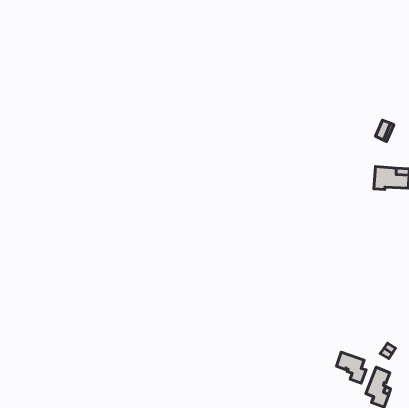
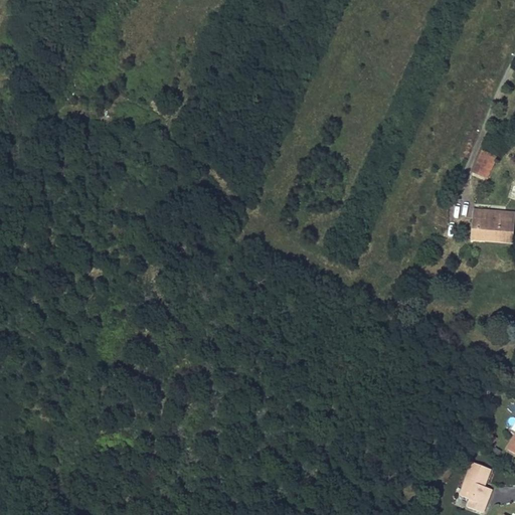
building: [336,352,366,383] -> none

